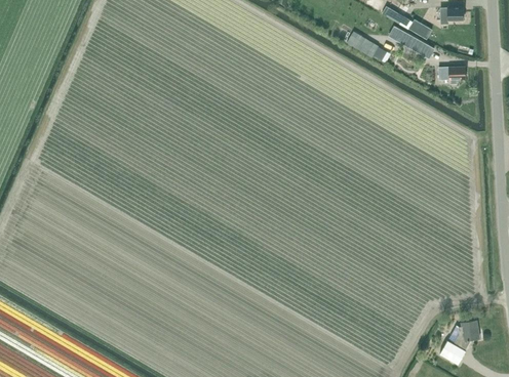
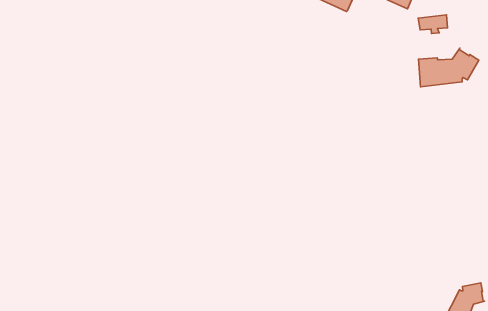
building: none -> [418,48,479,87]

